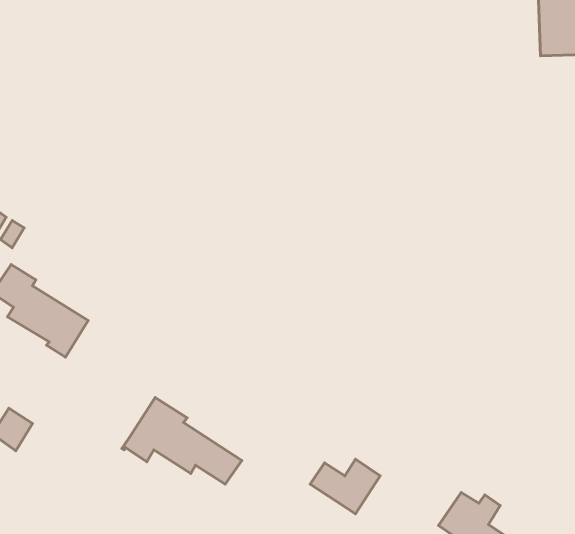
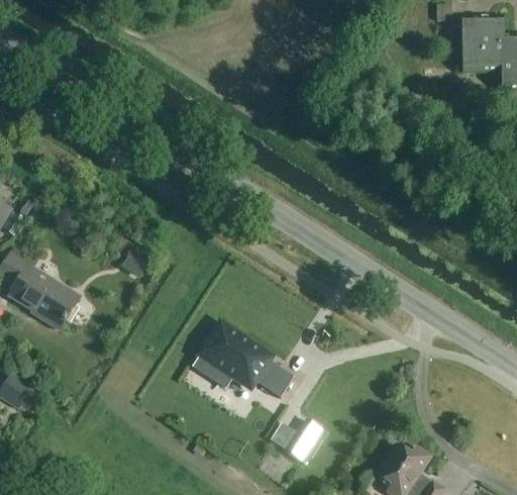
building: [122,398,242,484] -> [192,324,294,398]

